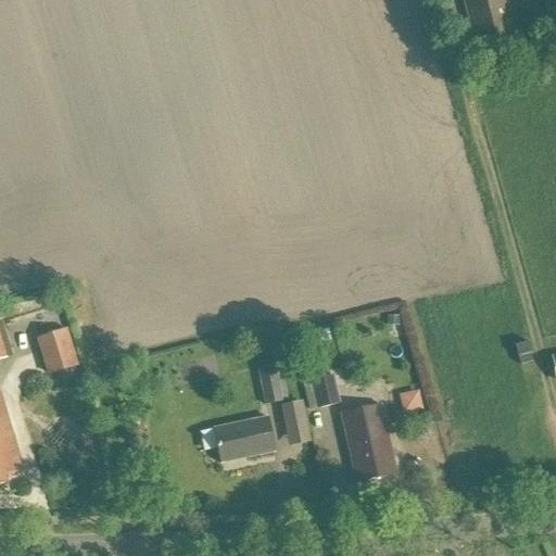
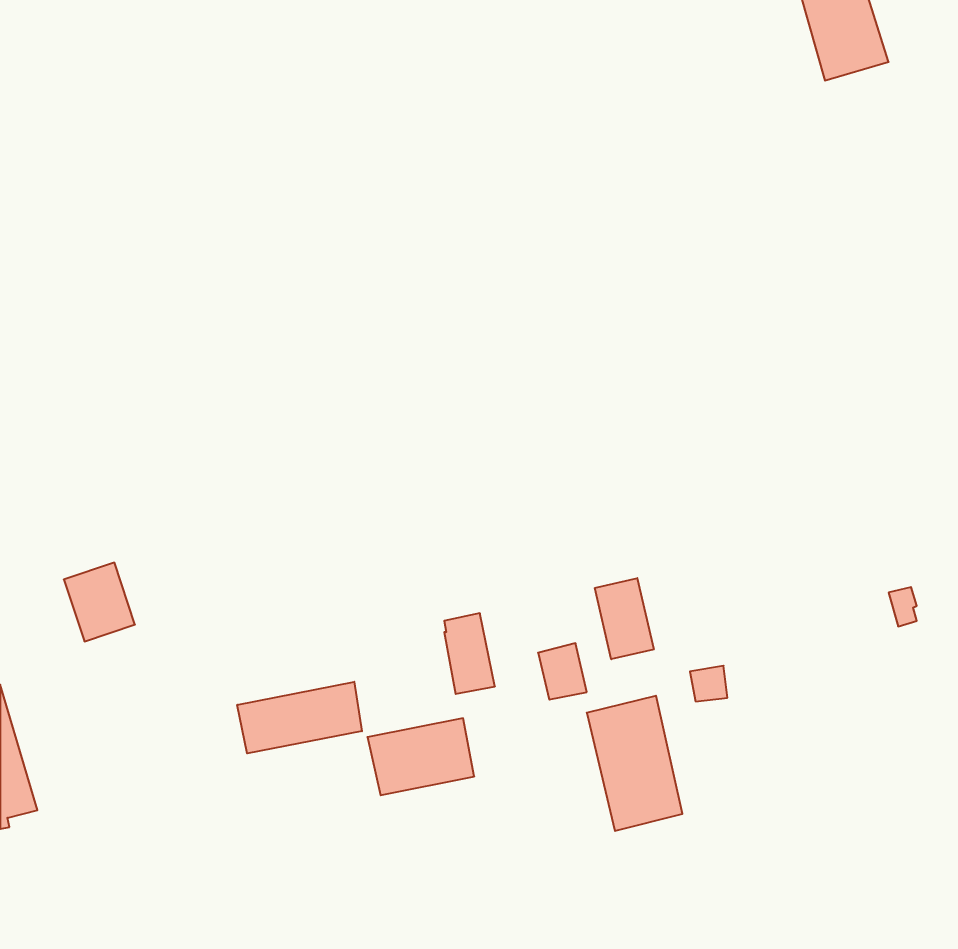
building: none -> [595,578,654,659]
building: [281,394,311,441] -> none
building: none -> [237,682,362,753]

